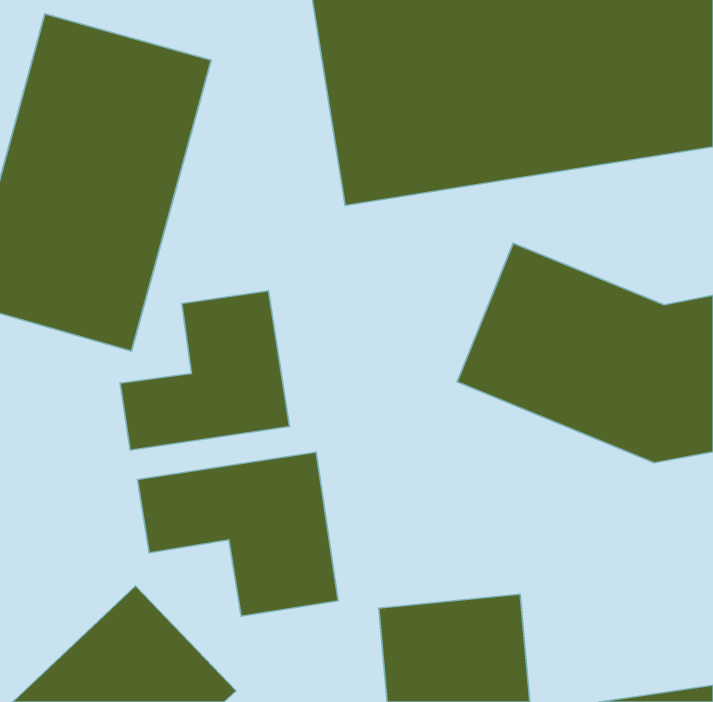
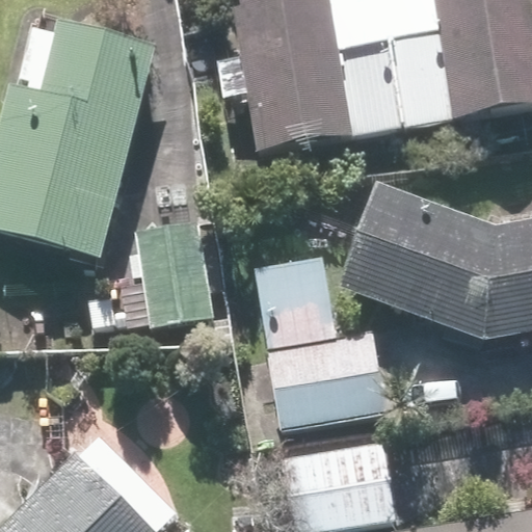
building: none -> [255,260,387,431]
building: [138,452,338,616] -> none

